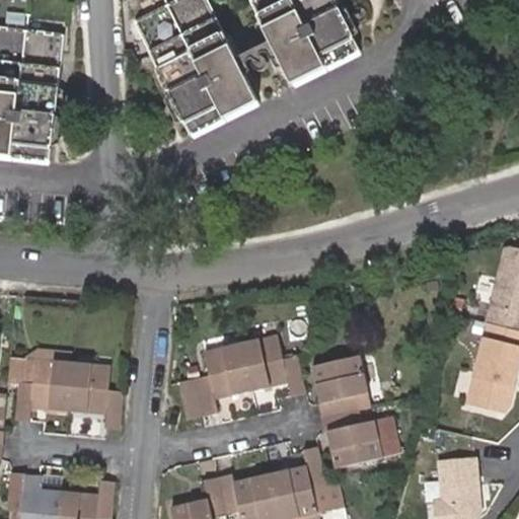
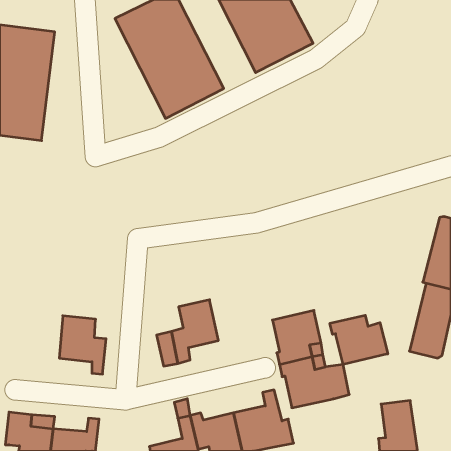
building: [240,336,302,396] -> none
building: [9,357,72,422] -> none
building: none -> [330,315,388,364]

